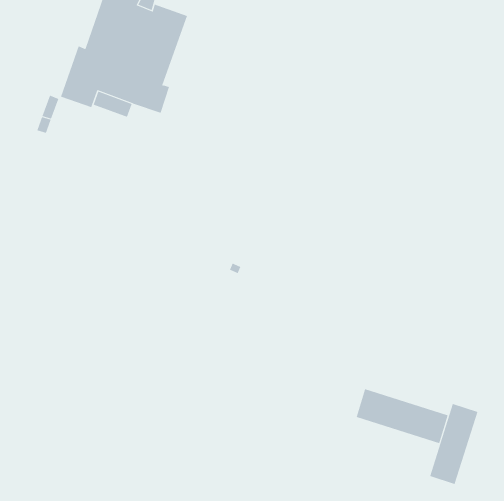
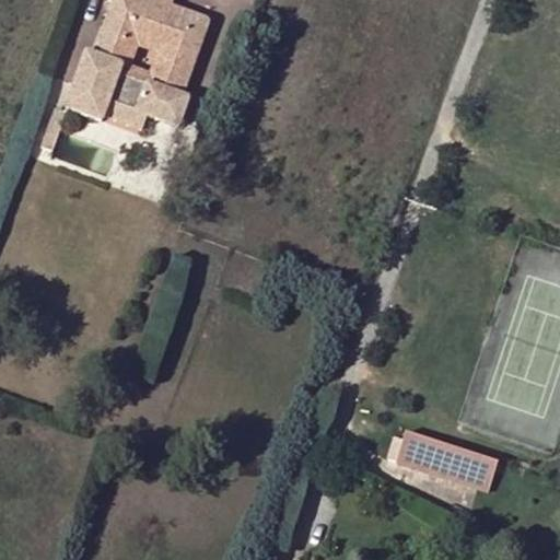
building: [429,403,478,485] -> none

